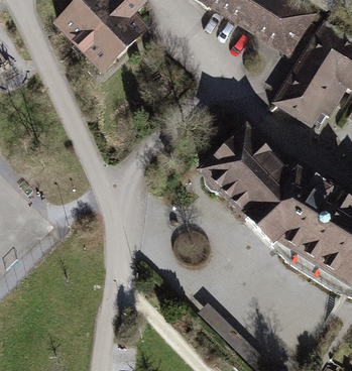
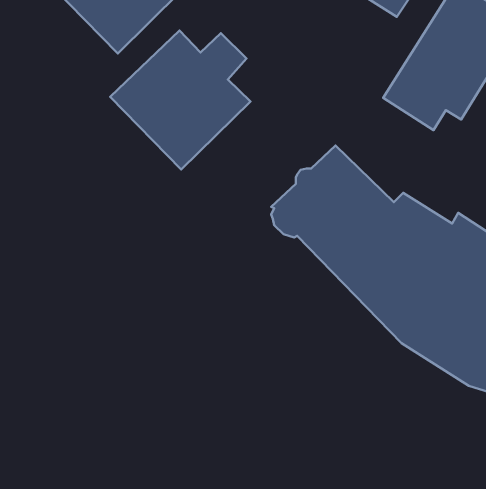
building: none -> [110,31,251,170]

